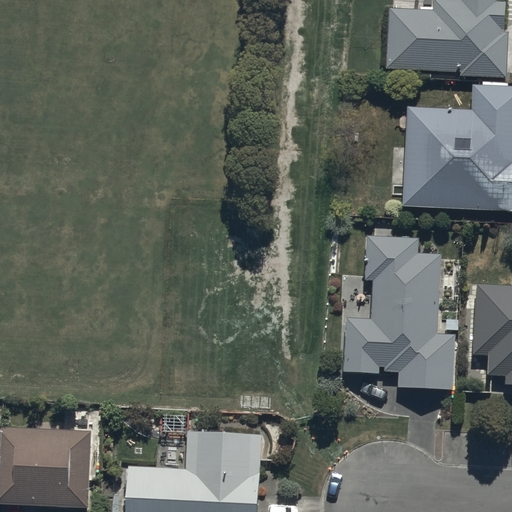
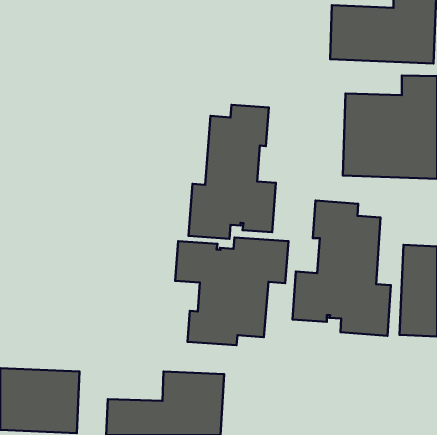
building: none -> [189,105,276,239]
building: none -> [175,237,289,345]

